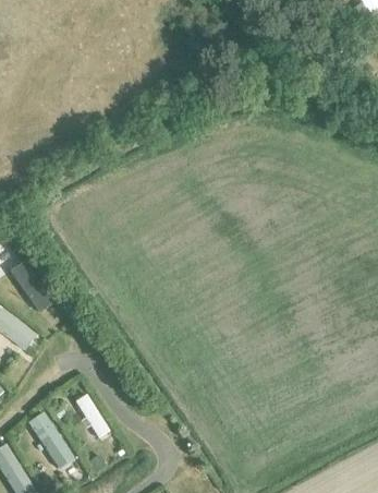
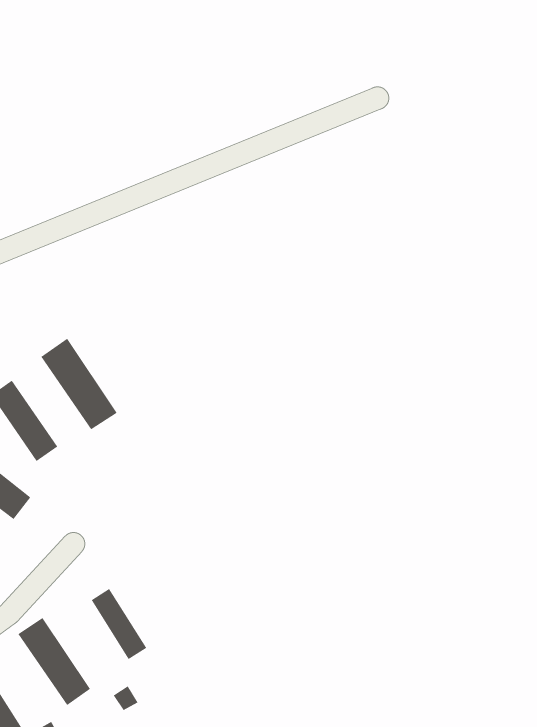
building: none -> [40,338,117,430]

